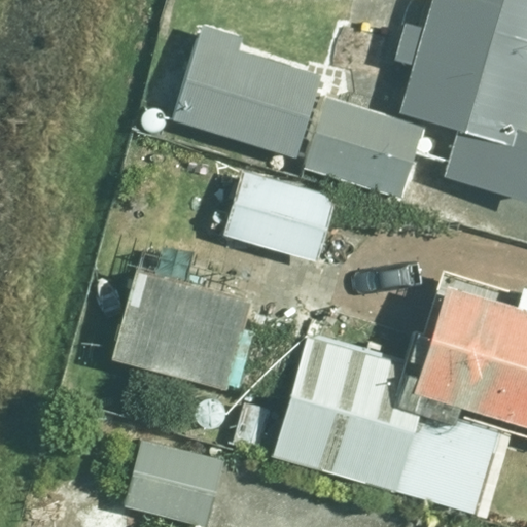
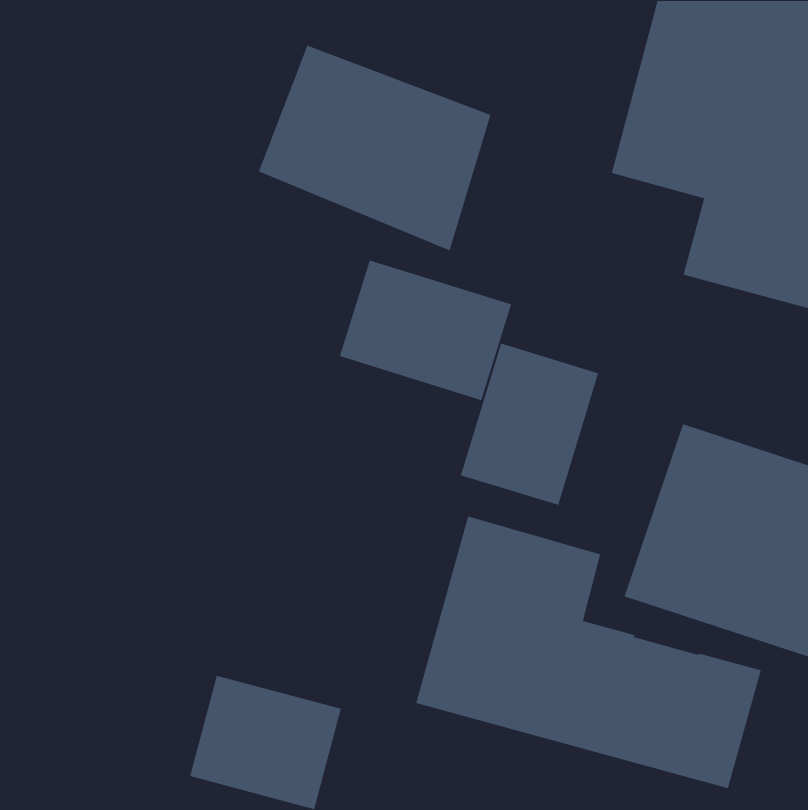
building: [305,99,420,197] -> none
building: none -> [460,343,599,506]
building: [117,272,290,390] -> none

